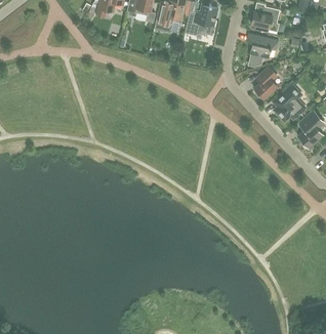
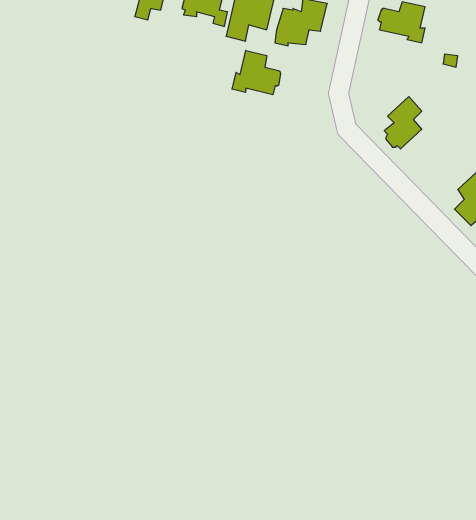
building: [246,33,278,66] -> none
building: none -> [232,50,280,95]
building: [272,83,301,121] -> none

